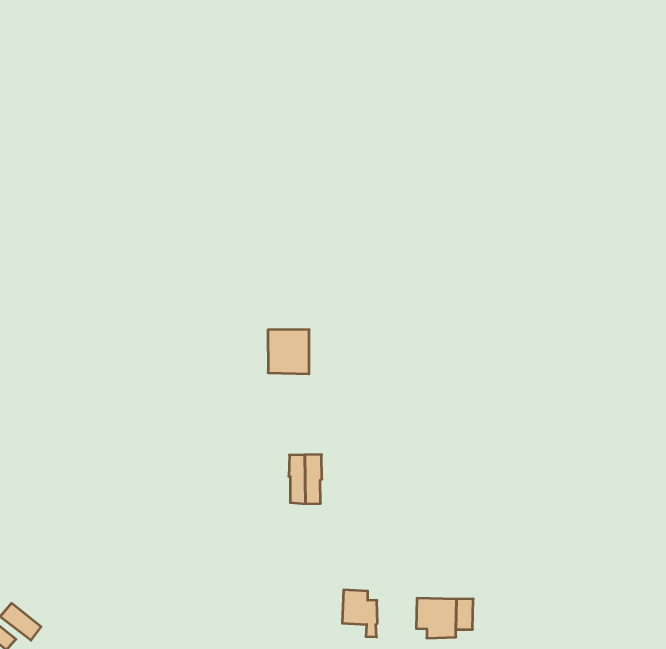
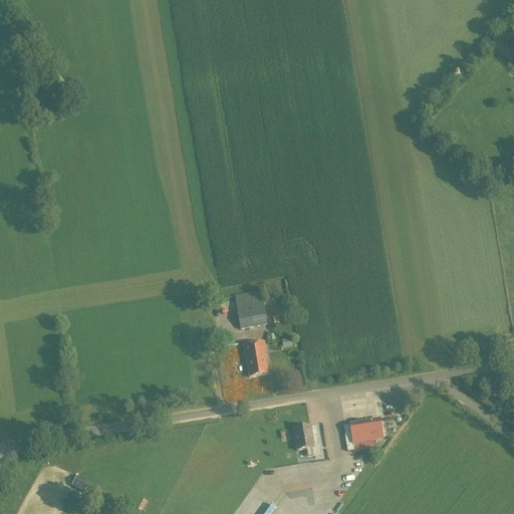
building: [268,330,309,374] -> [235,294,267,327]

